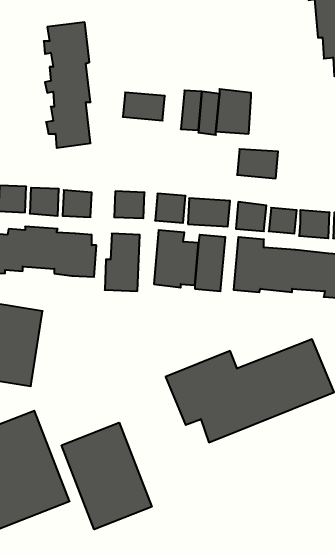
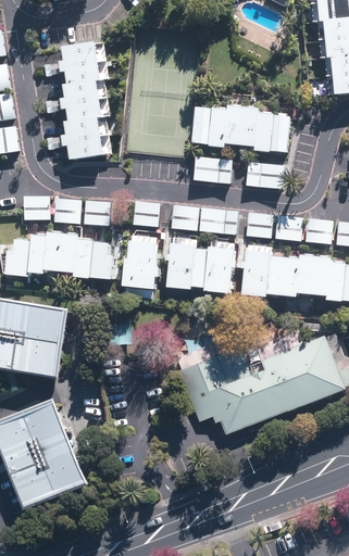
building: [123,92,165,121] -> [192,156,232,182]
building: none -> [254,113,290,154]
building: [62,423,152,529] -> none

